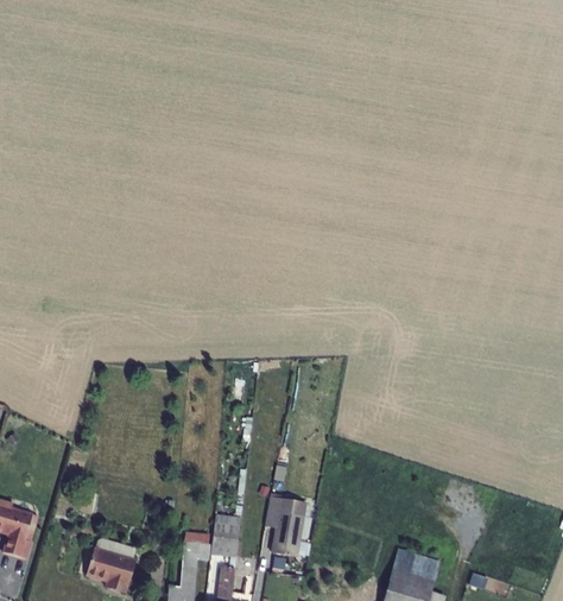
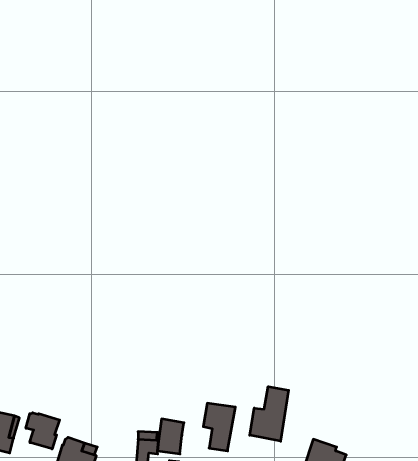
building: none -> [250,387,289,441]
building: none -> [26,413,60,449]

